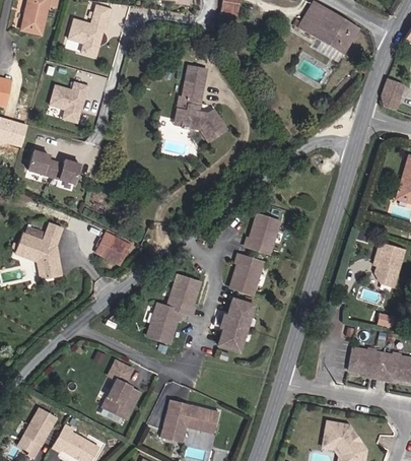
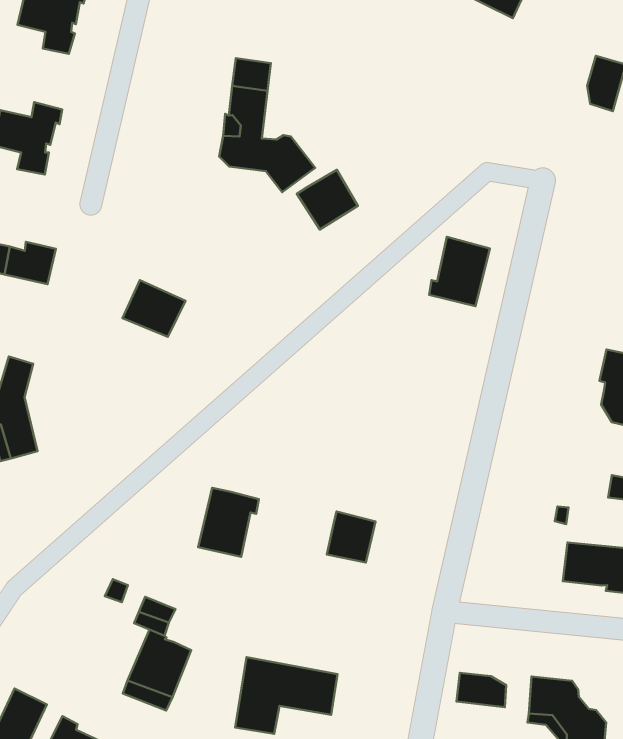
building: none -> [297,170,358,229]
building: [245,213,280,253] -> [429,237,490,306]
building: [95,232,131,264] -> [123,280,185,337]
building: [230,254,263,293] -> none
building: [167,274,200,315] -> none
building: [225,299,254,328] -> none
building: none -> [457,673,506,707]

